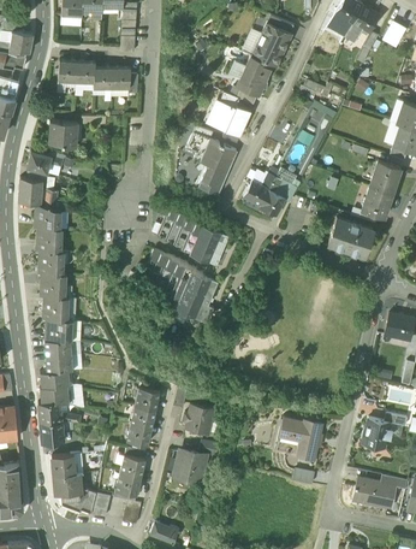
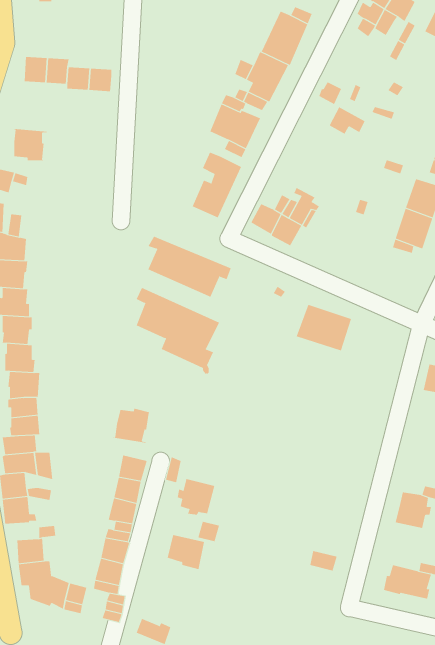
building: [328,217,374,255] -> [296,304,352,351]
building: none -> [113,408,152,443]
building: [280,415,322,458] -> none

